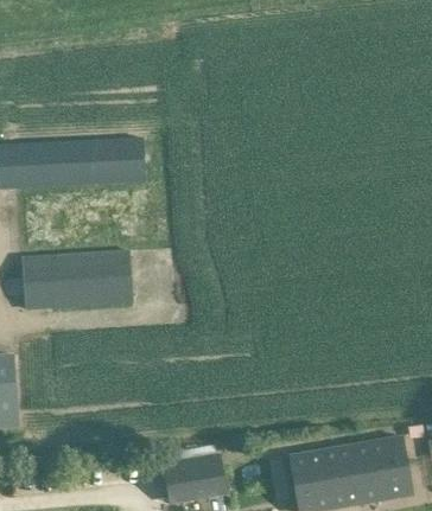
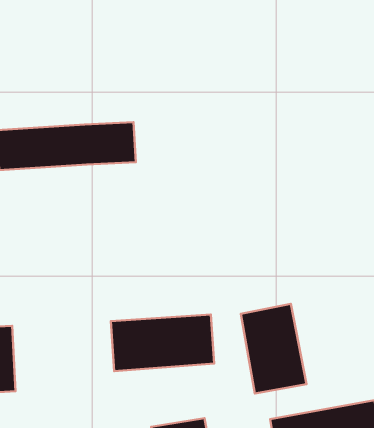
building: [23,250,133,311] -> [111,314,214,371]
building: none -> [241,304,306,393]

